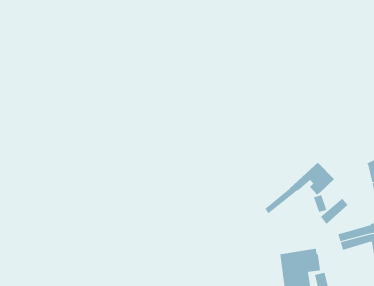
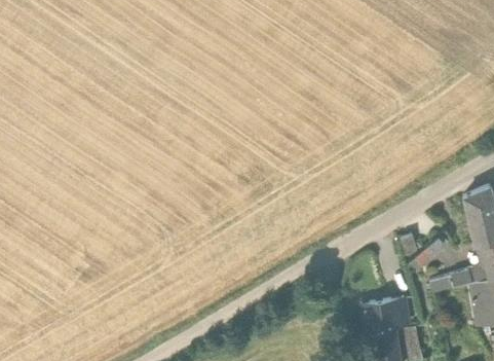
building: [265,162,335,214] -> none

